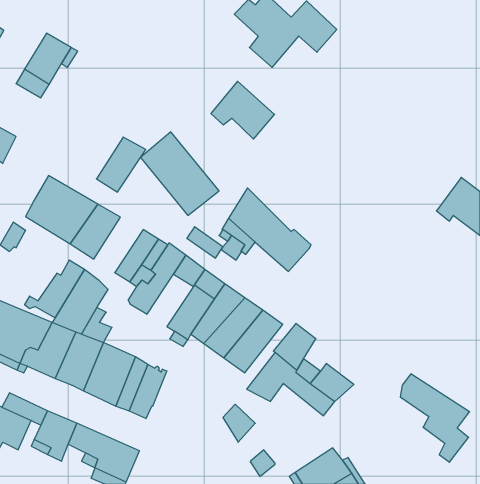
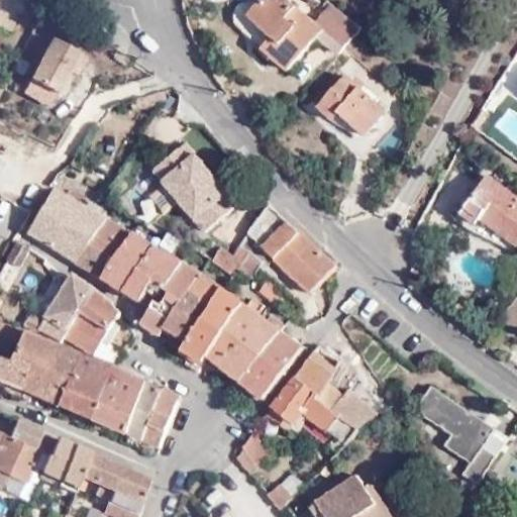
building: [211,81,275,139] -> [319,79,387,140]
building: [96,137,146,192] -> [100,231,152,290]
building: none -> [157,292,206,347]

